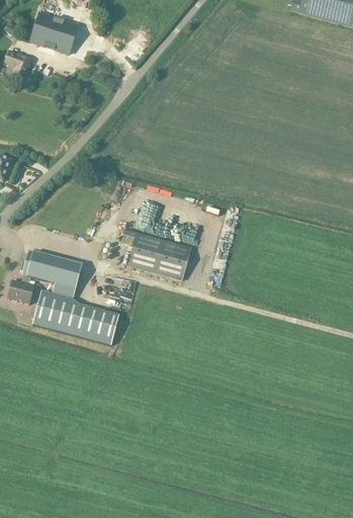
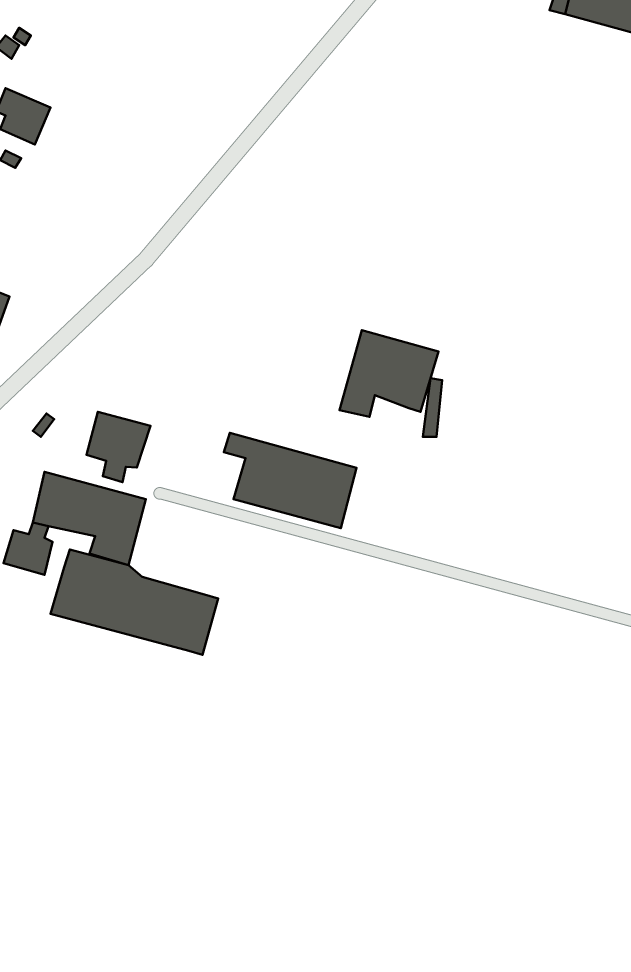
building: [29,12,76,53] -> none
building: none -> [339,330,439,417]
building: none -> [87,412,150,482]

